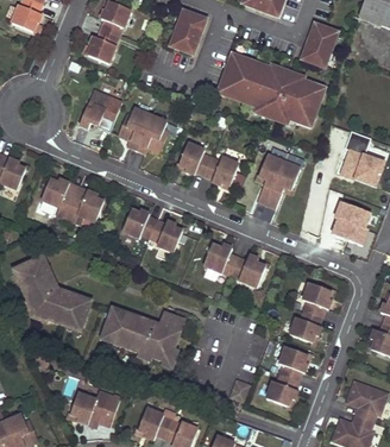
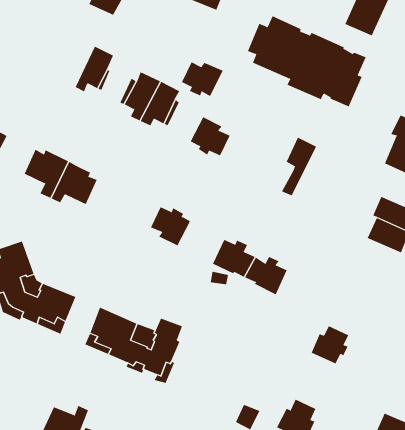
building: [205,157,239,185] -> [181,61,223,97]
building: [266,162,301,208] -> none
building: [122,209,157,238] -> none
building: [303,282,332,317] -> none
building: [278,347,307,380] -> none

